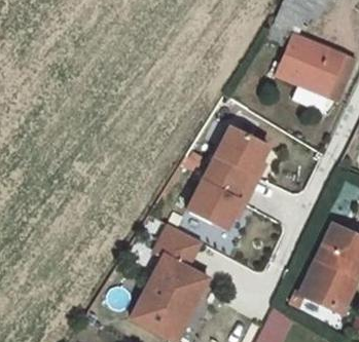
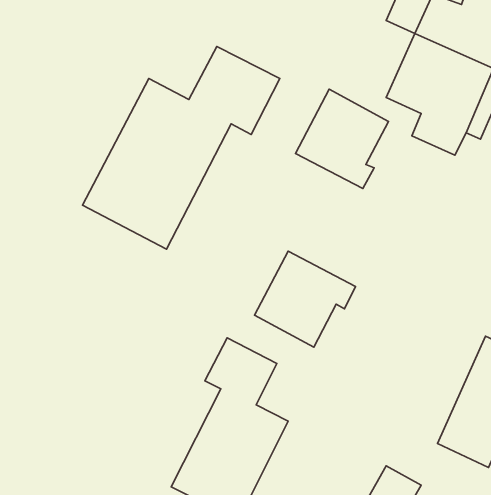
building: none -> [82,47,280,249]
building: [210,130,270,194] -> [295,89,388,189]

